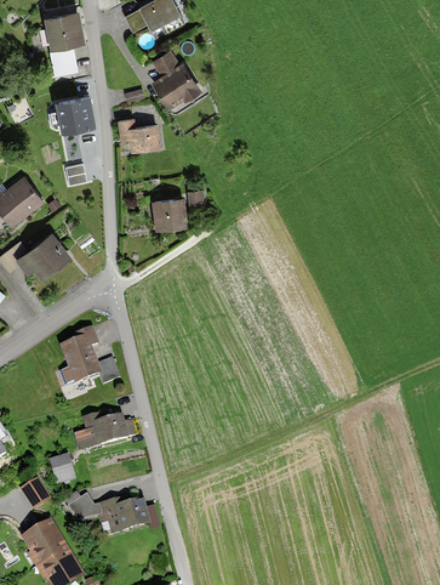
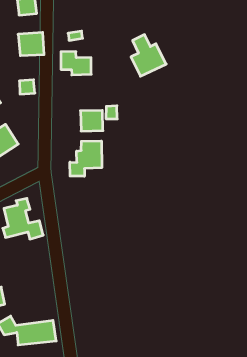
building: [153,50,202,108] -> [131,35,166,76]
building: none -> [70,141,102,176]
building: [72,414,131,451] -> none

